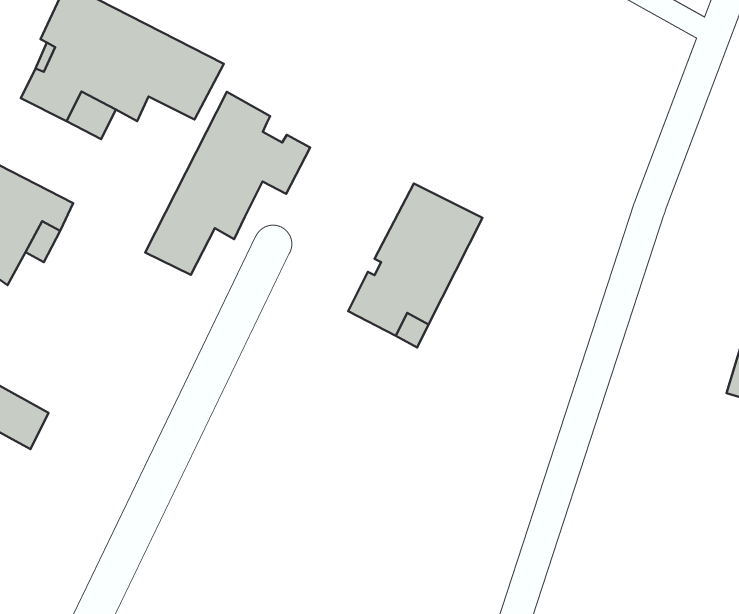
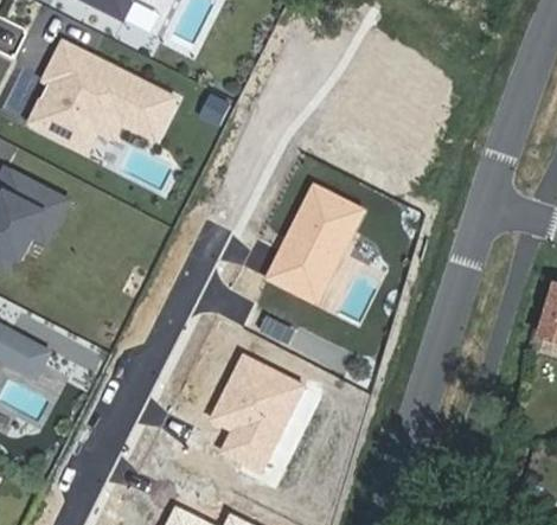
building: [145,92,310,275] -> none
building: none -> [210,354,303,470]

